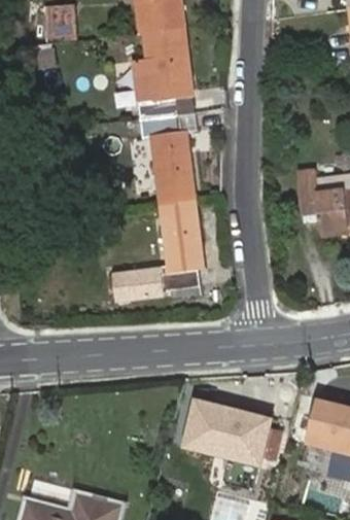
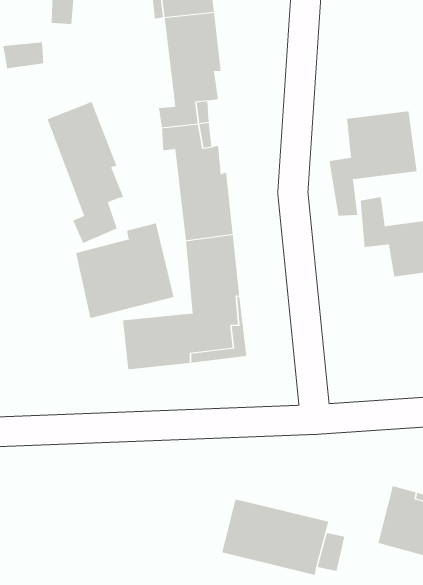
building: none -> [47,101,124,244]
building: none -> [329,110,417,217]
building: none -> [76,223,174,319]

